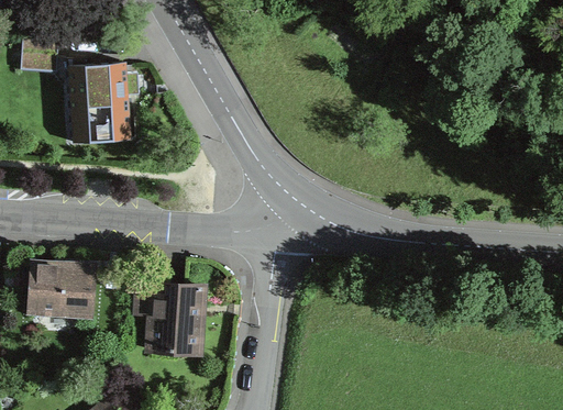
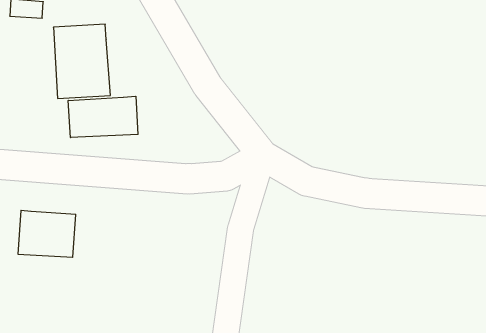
building: none -> [68,96,138,138]
building: [133,282,201,355] -> none

